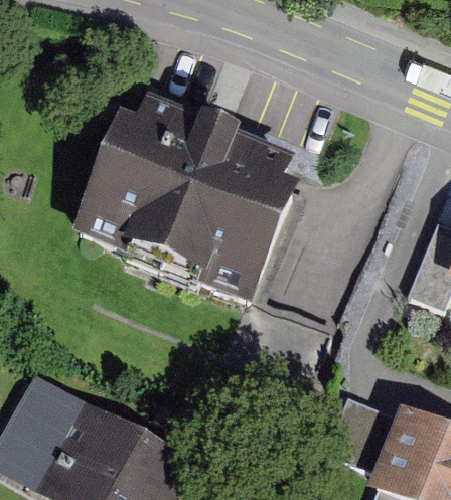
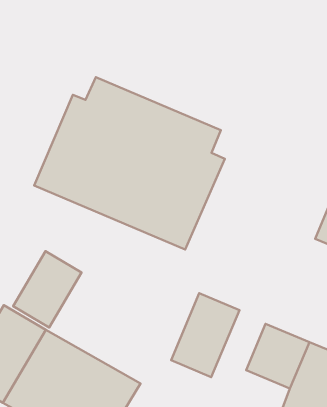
building: none -> [13,251,82,327]
building: none -> [171,293,240,377]

